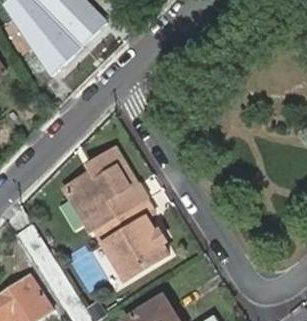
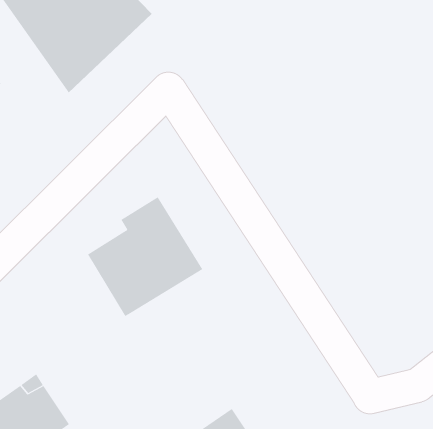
building: [95,200,168,281] -> none

